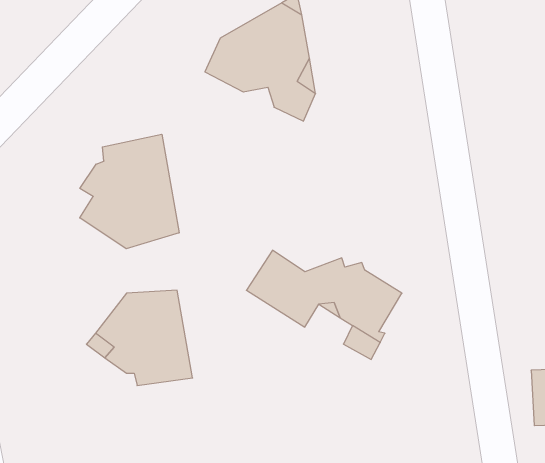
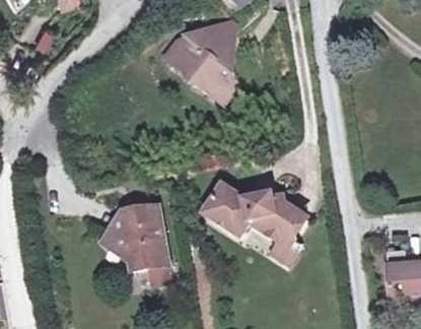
building: [80,134,179,249] -> none

